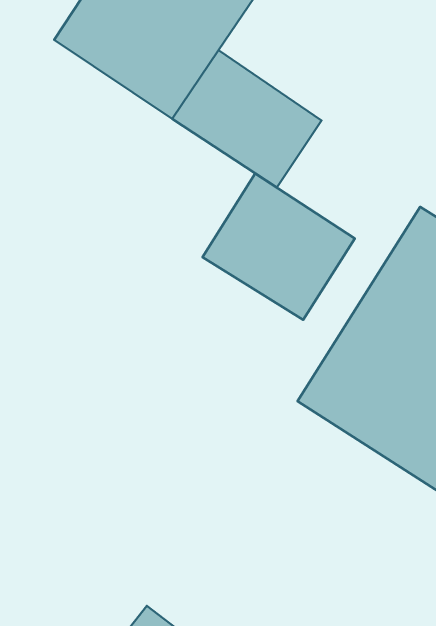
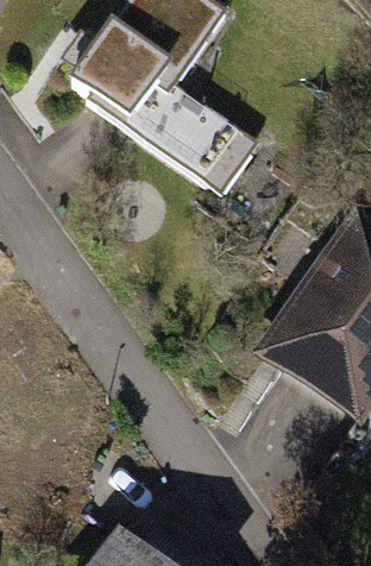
building: [202,174,355,320] -> none

